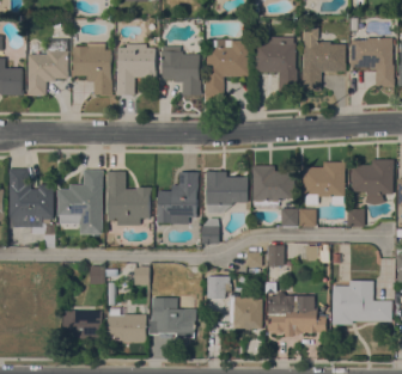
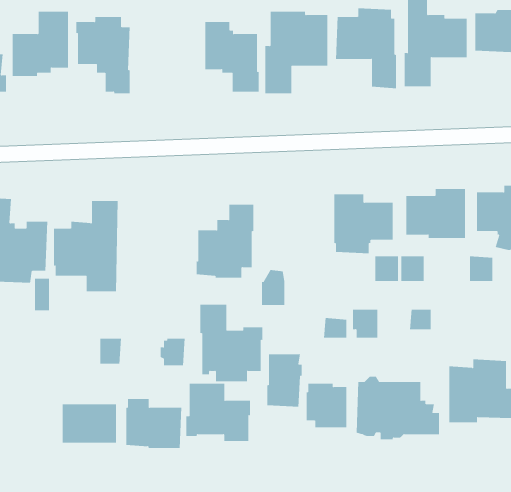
building: [116,43,156,94] -> none
building: [106,171,151,225] -> [200,304,263,382]
building: [206,171,248,213] -> none

